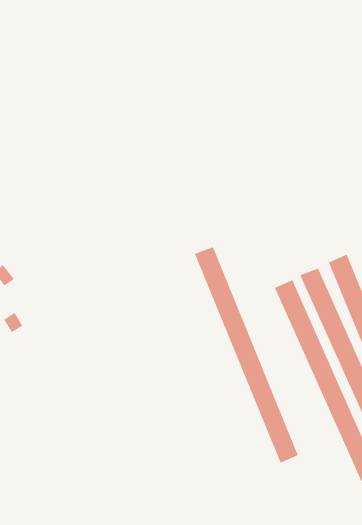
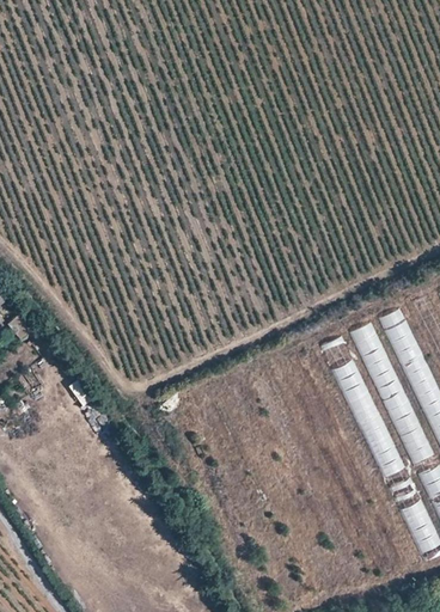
building: [194,246,299,464] -> none

